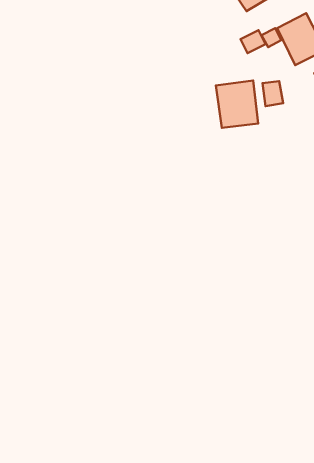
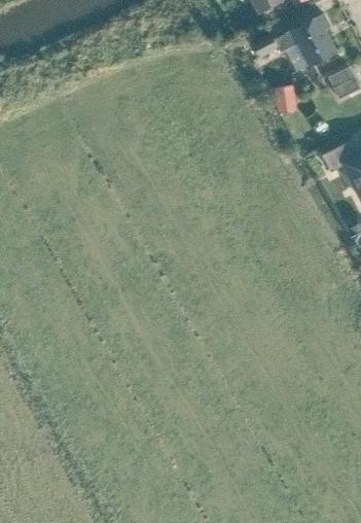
building: [216,81,258,128] -> none

